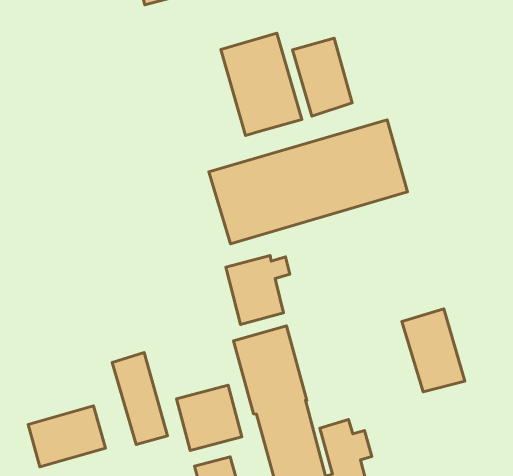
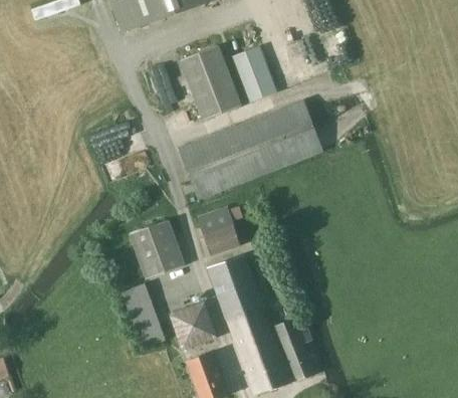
building: none -> [130,218,186,278]
building: [402,309,465,392] -> none
building: [28,406,105,467] -> none

